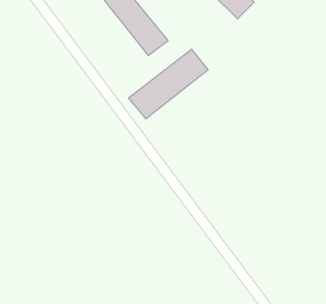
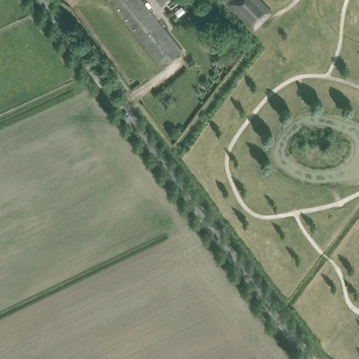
building: [129,49,208,119] -> none

